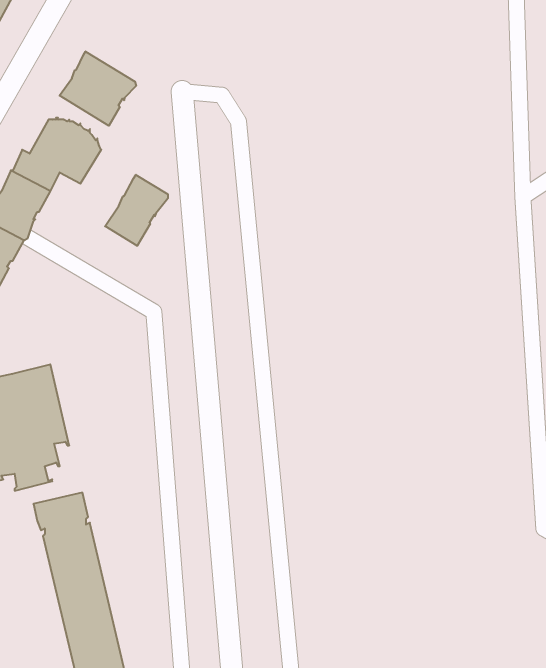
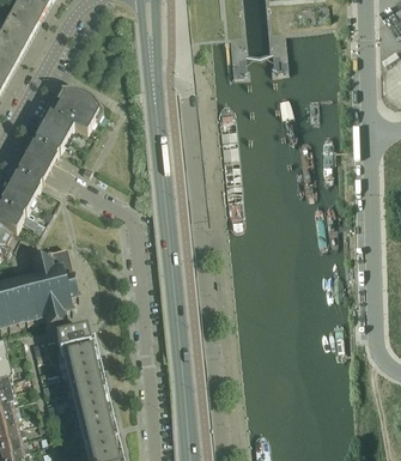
building: [60,51,136,126] -> none
building: [105,175,168,246] -> none

